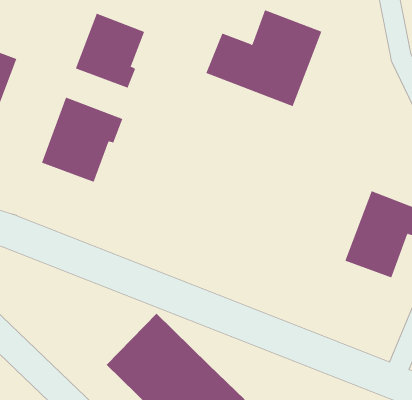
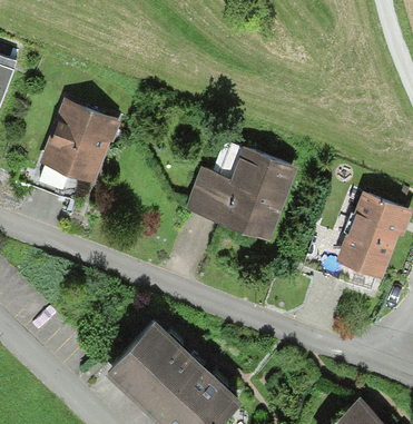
building: [206,10,322,107] -> [185,148,297,241]
building: [75,13,145,88] -> none

